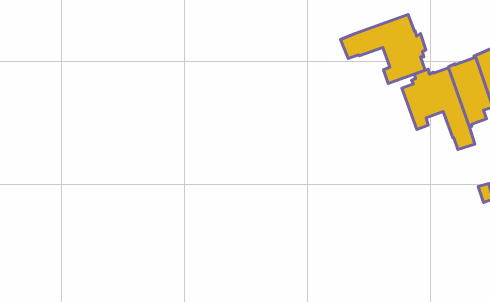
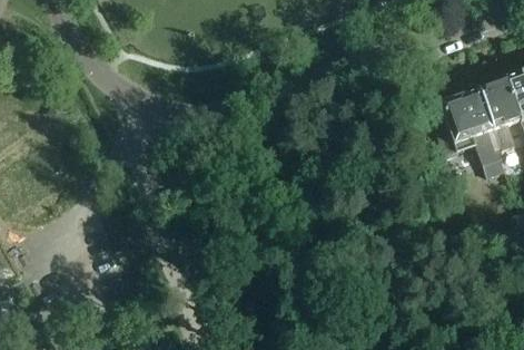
building: [341,14,426,83] -> none

